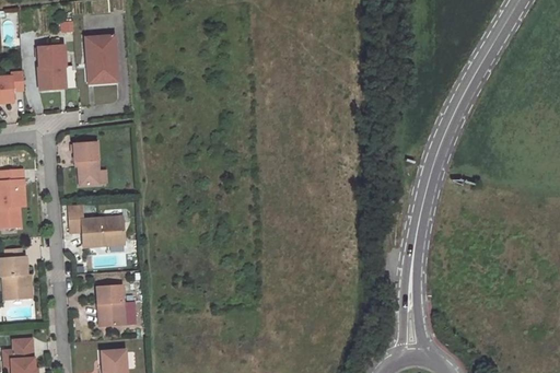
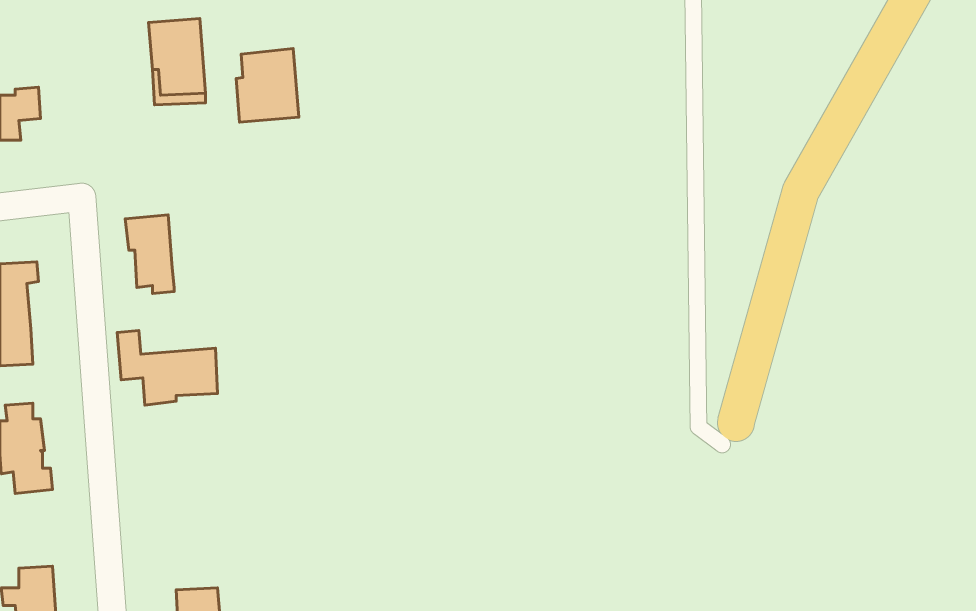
building: [37,45,66,90] -> none
building: none -> [236,49,299,122]
building: [97,287,136,327] -> none

